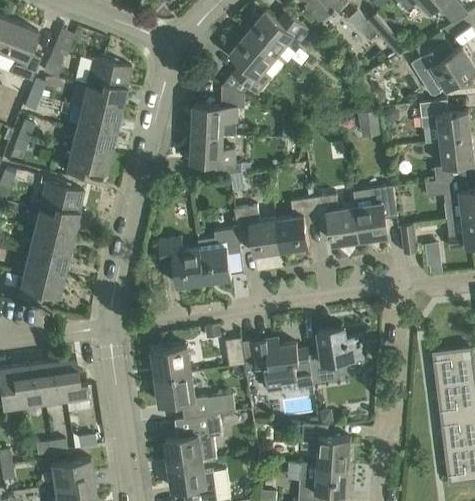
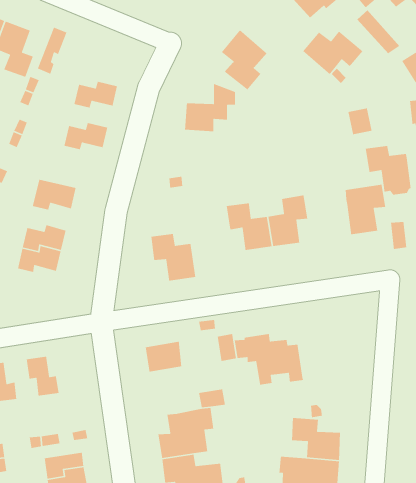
building: [248,11,310,56] -> [302,30,364,75]
building: [85,58,131,91] -> none
building: [75,105,120,133] -> none
building: [191,134,244,177] -> none
building: [65,147,110,177] -> none
building: [313,196,360,247] -> [365,145,411,196]
building: [33,208,78,236] -> none
building: [198,230,243,283] -> none
building: [17,271,63,301] -> none
building: [308,329,365,384] -> none
building: [53,359,87,400] -> none
building: [10,365,44,406] -> none
building: [156,373,195,406] -> none

